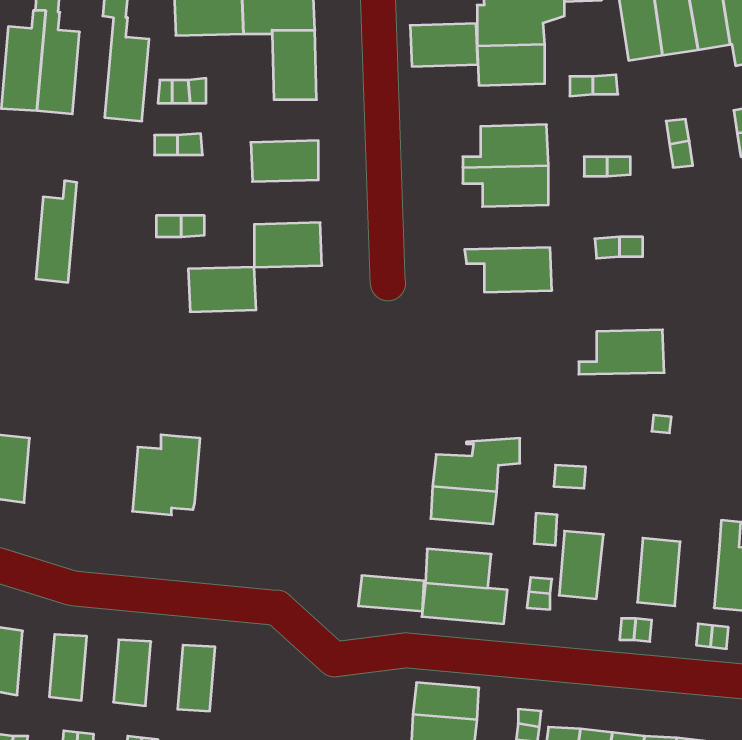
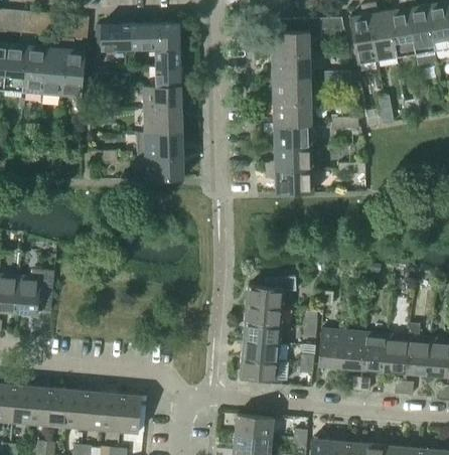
building: [410,24,478,66] -> [272,77,310,101]
building: none -> [143,86,181,110]
building: [36,181,77,282] -> [42,38,65,96]
building: [188,267,256,312] -> [144,131,182,156]
building: [579,330,664,374] -> [264,145,312,170]
building: [132,435,200,515] -> [15,270,53,315]
building: none -> [338,331,364,369]
building: none -> [383,335,408,372]
building: [358,576,424,611] -> [243,322,280,342]
building: none -> [11,386,32,423]
building: none -> [47,389,68,426]
building: none -> [84,392,105,430]
building: none -> [120,395,141,433]

